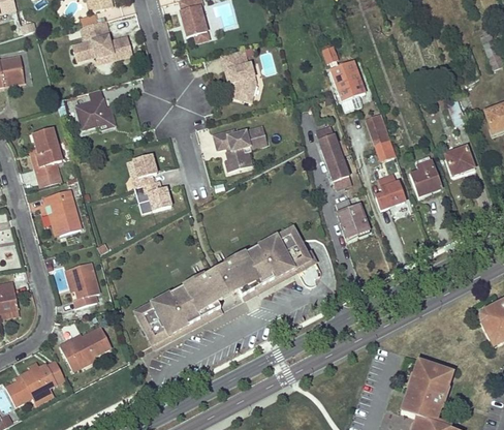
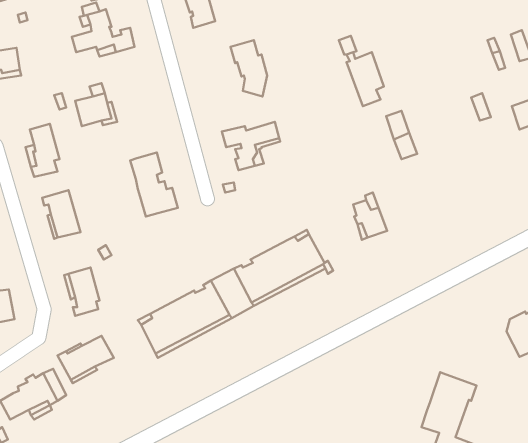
building: [315,126,352,189] -> none
building: [444,146,473,175] -> none
building: [411,156,440,195] -> none
building: [375,175,404,209] -> none

